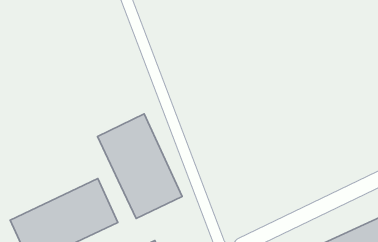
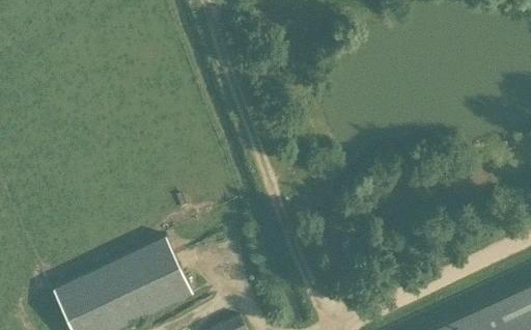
building: [97,114,182,219] -> none

